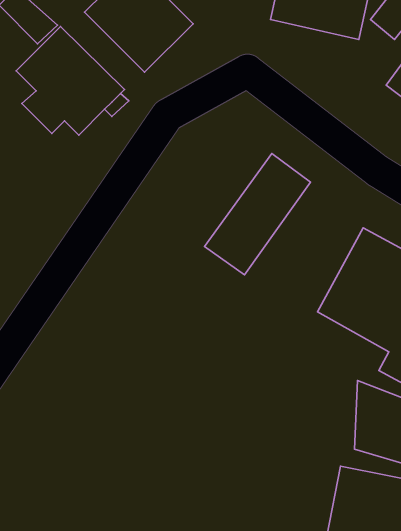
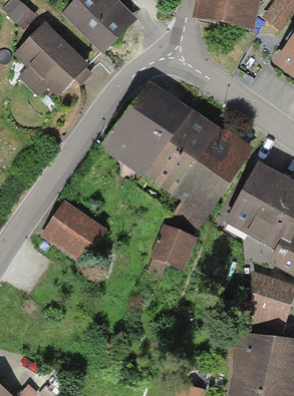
building: none -> [100,82,193,177]
building: none -> [171,125,254,231]
building: none -> [41,201,107,264]
building: none -> [150,224,196,269]

